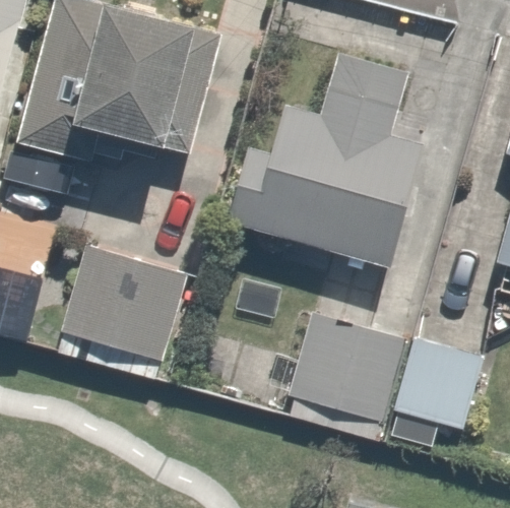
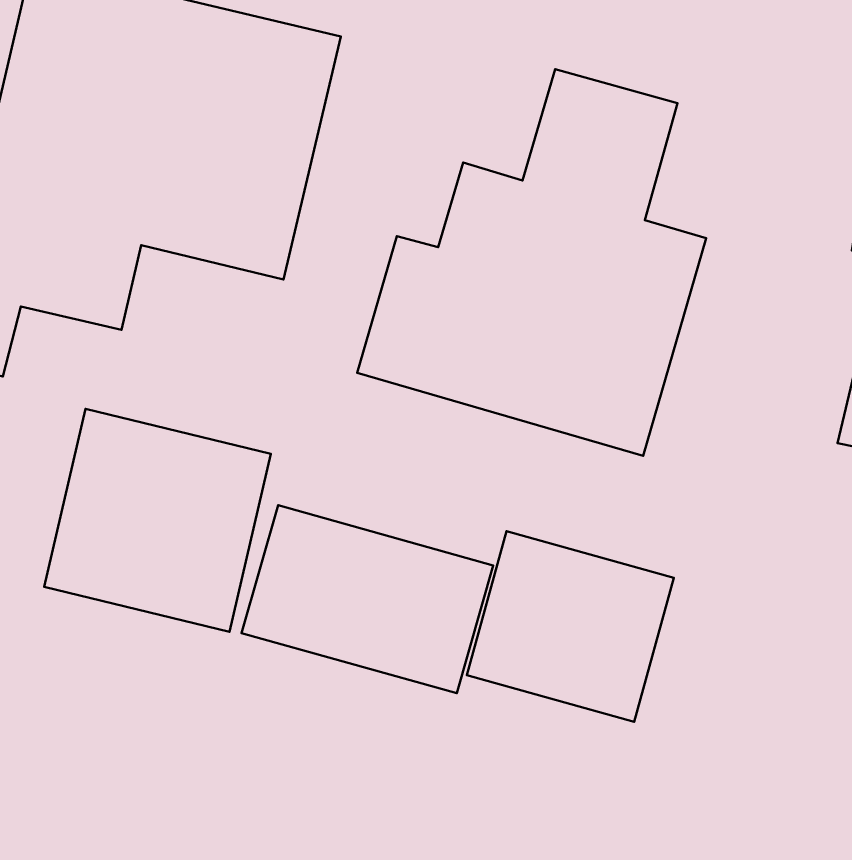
building: none -> [242,505,493,693]
building: [393,336,487,446] -> none

